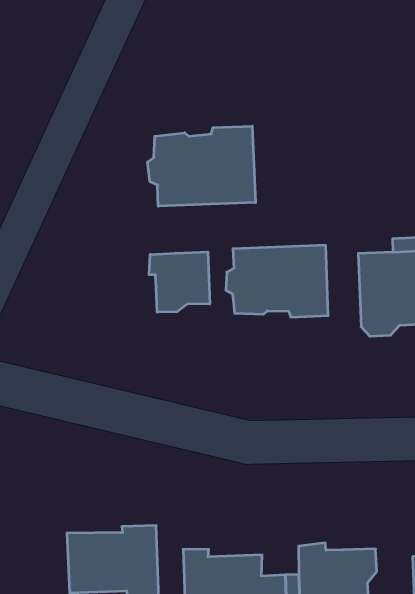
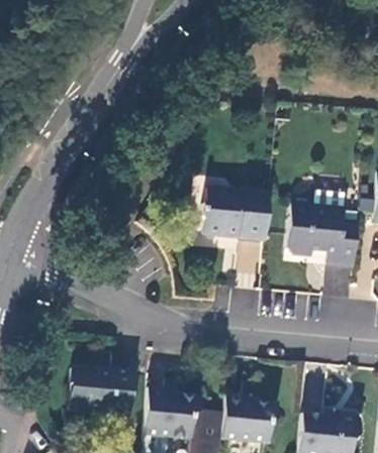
building: [148,126,256,206] -> none
building: [149,252,210,312] -> none

